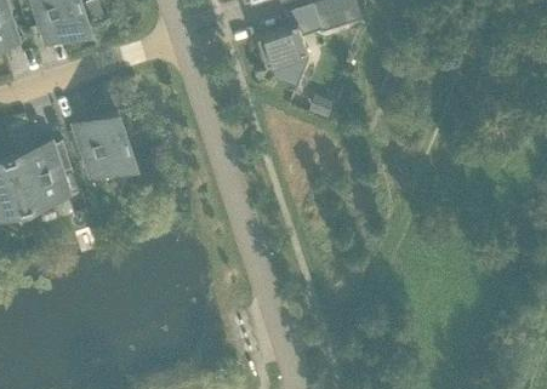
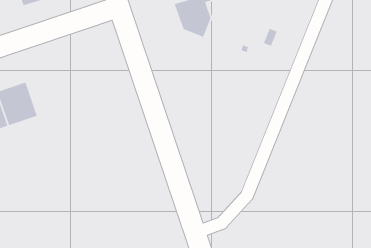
building: [74,113,133,181] -> none

